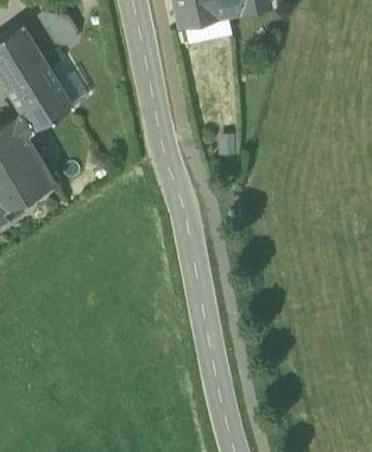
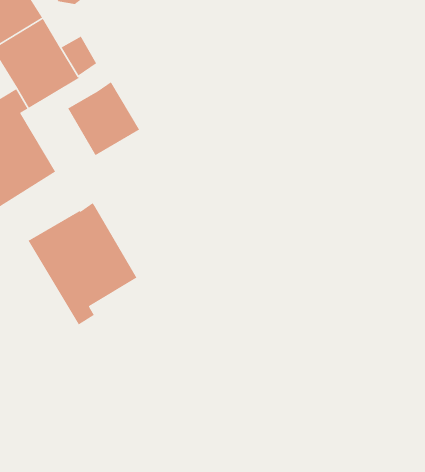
building: none -> [67,81,140,156]
building: none -> [28,202,138,325]

